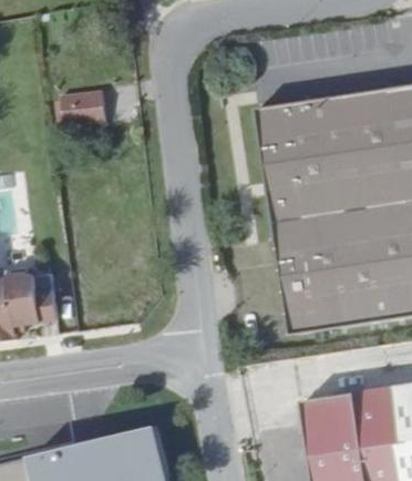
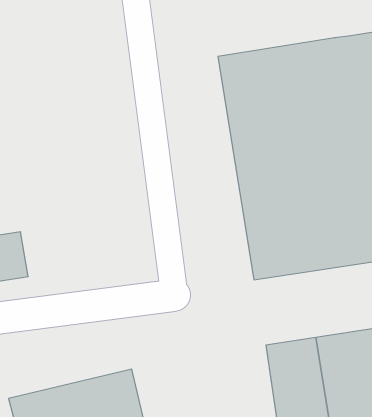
building: [71,93,104,127] -> none

